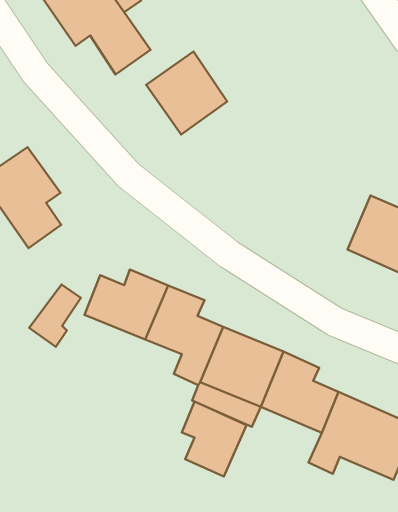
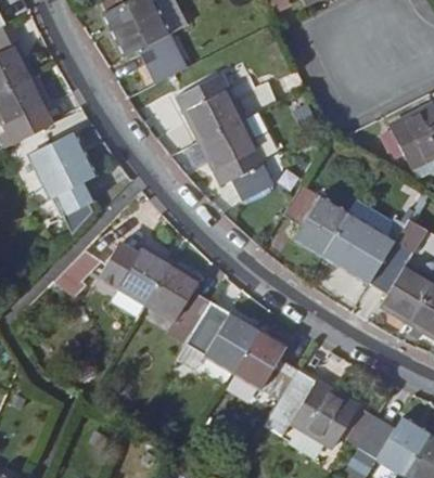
building: none -> [201,119,271,199]
building: none -> [283,184,356,254]
building: [182,402,246,477] -> none

